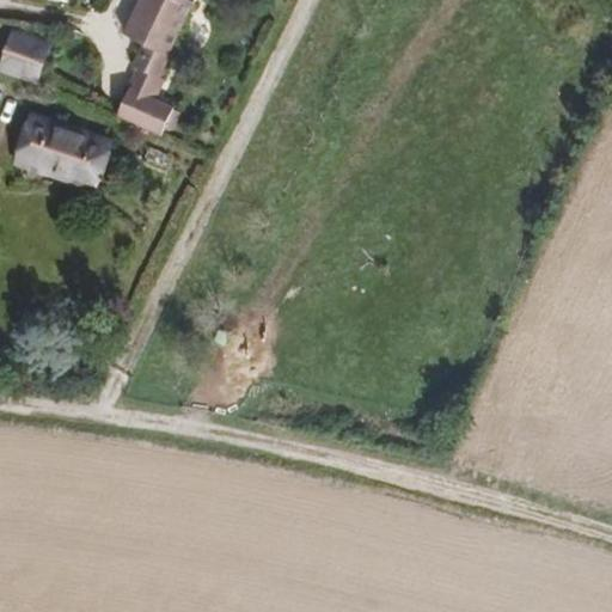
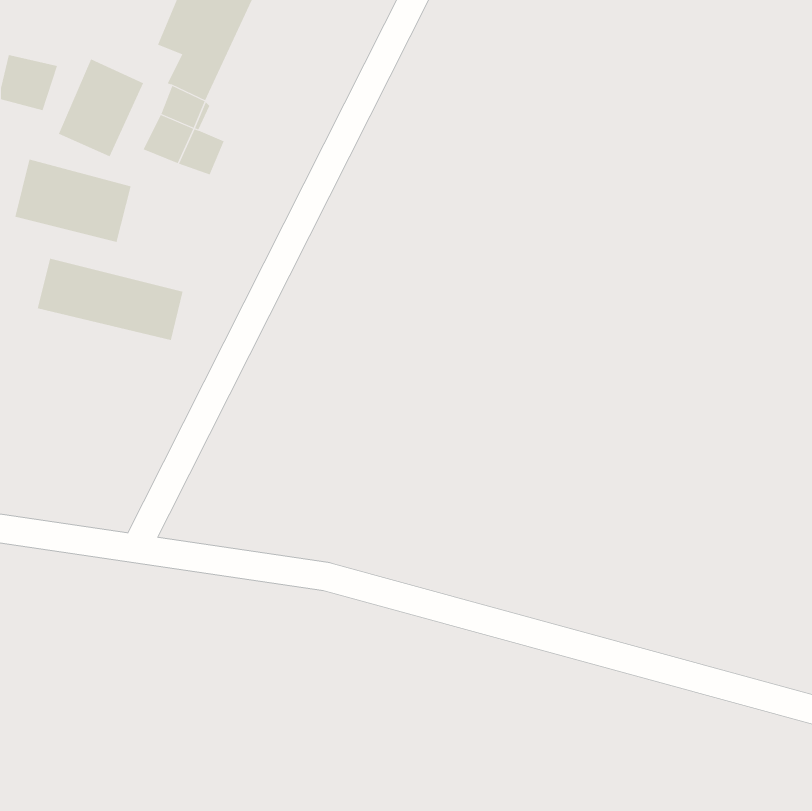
building: none -> [58,59,144,157]
building: none -> [37,258,183,341]

